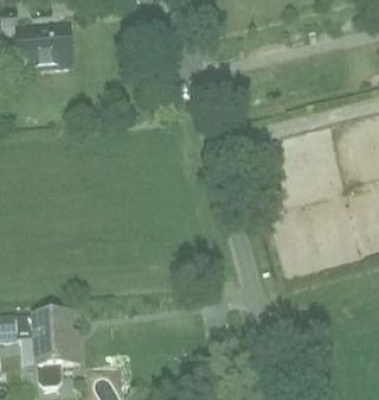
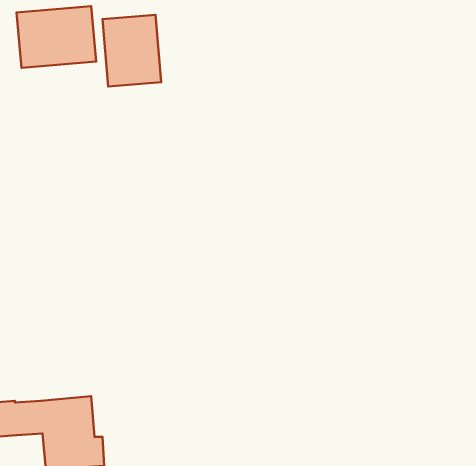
building: none -> [102,15,161,87]

